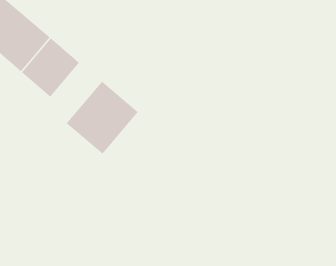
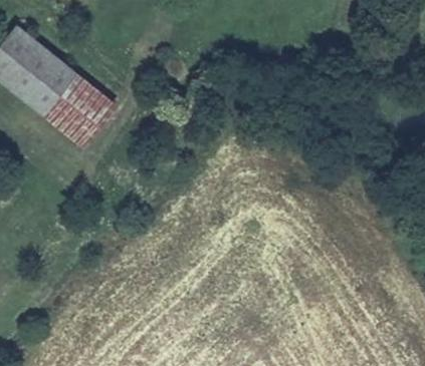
building: [66,81,139,154] -> none

